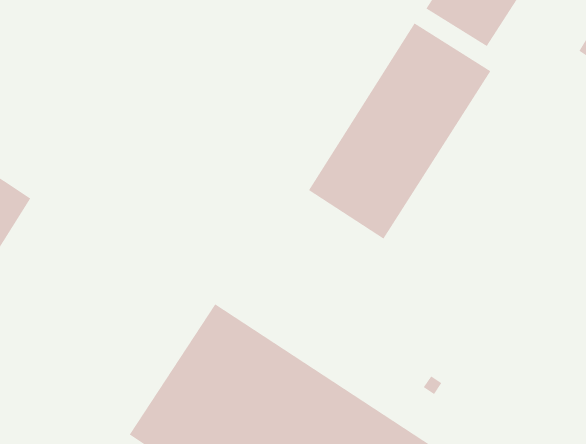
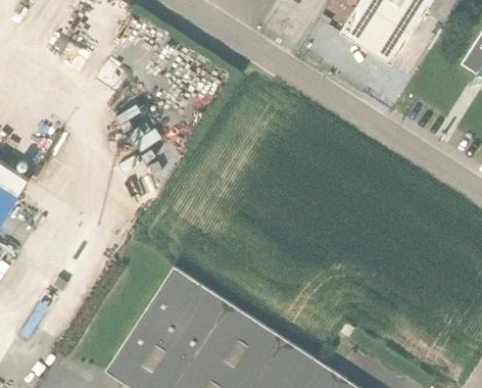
building: [308,22,491,239] -> none

